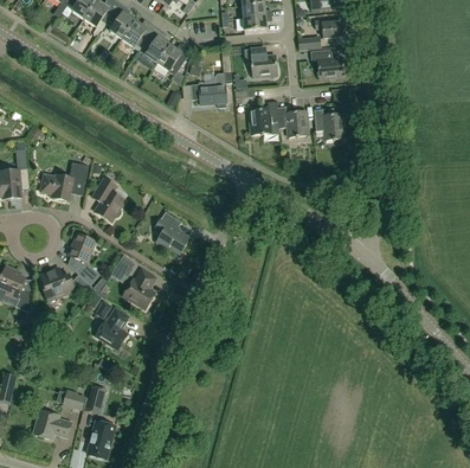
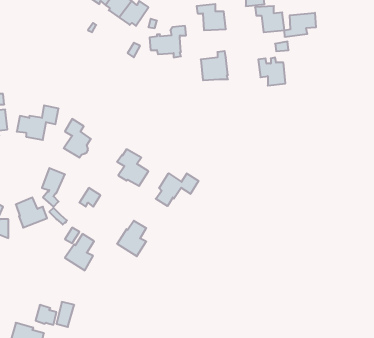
building: none -> [284,13,316,37]
building: [277,107,308,136] -> none
building: none -> [156,173,198,206]
building: [122,269,155,309] -> [117,221,146,256]

